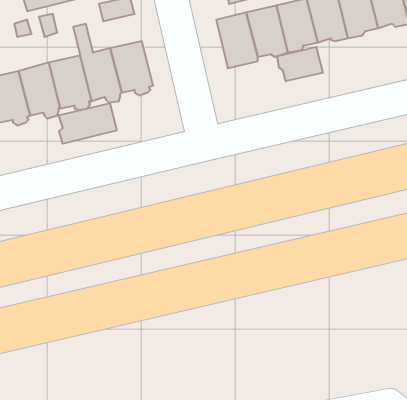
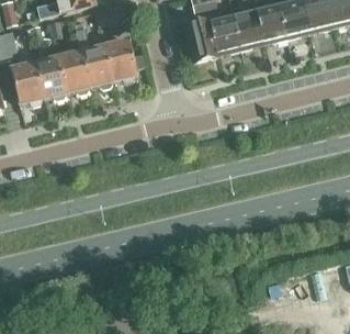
building: [277,47,323,81] -> none
building: [59,103,117,144] -> none

